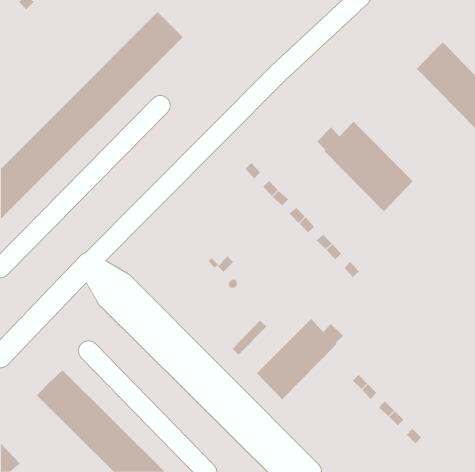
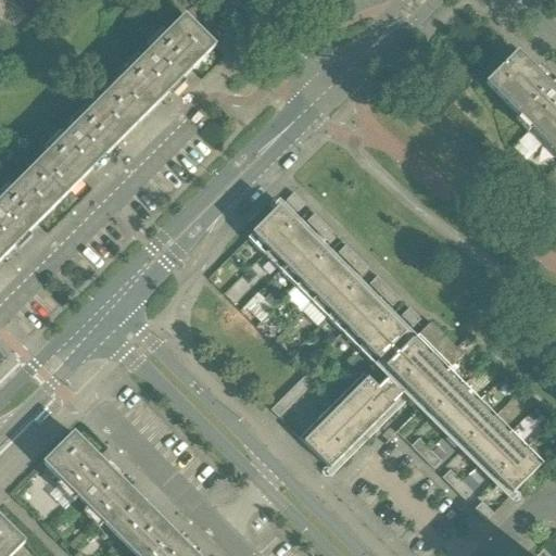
building: [316,121,414,212] -> none
building: none -> [248,204,405,362]
building: none -> [386,318,543,491]

